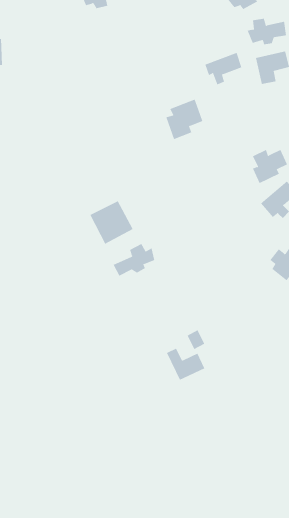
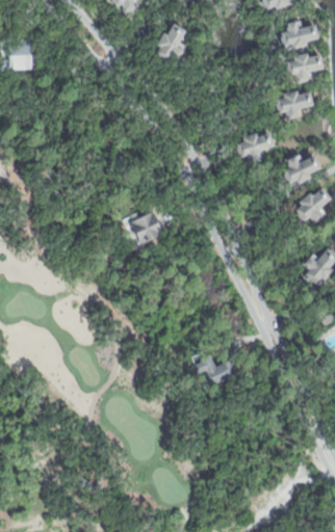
building: none -> [152,24,187,63]
building: [204,52,242,85] -> [277,89,315,123]
building: [165,99,203,140] -> [234,125,273,166]
building: [113,243,155,276] -> none

